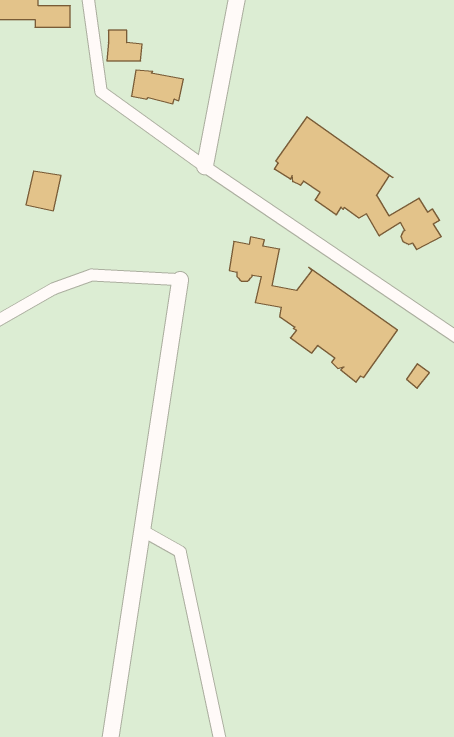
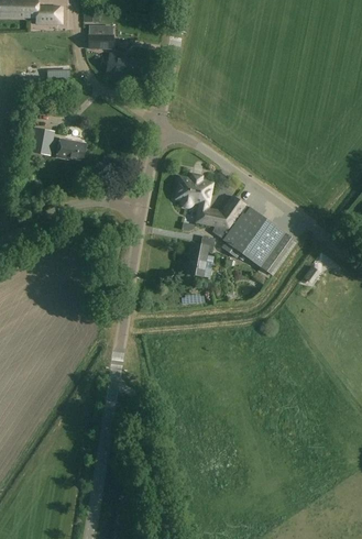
building: [274,117,441,250] -> none
building: none -> [55,136,85,158]
building: none -> [185,234,213,276]

